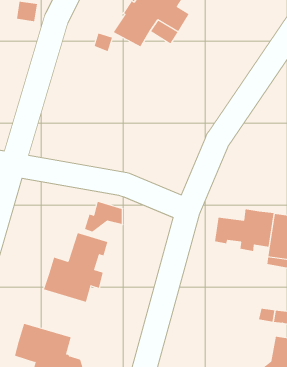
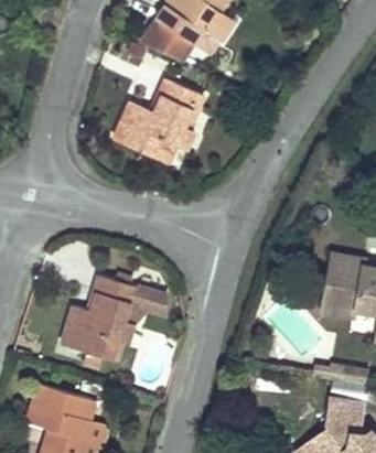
building: none -> [112,78,203,162]
building: [84,201,123,232] -> [121,287,166,323]
building: [214,209,274,252] -> none

